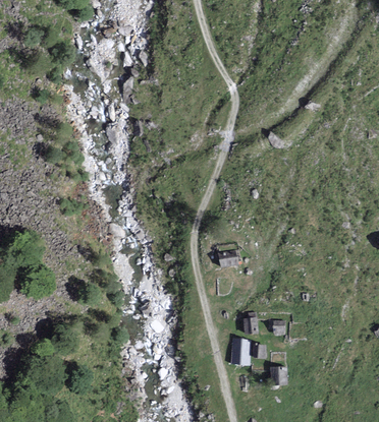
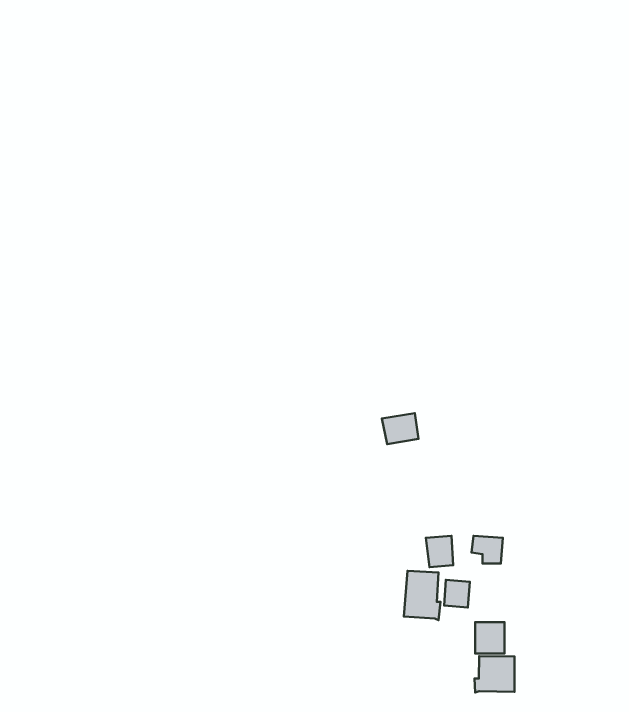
building: none -> [475,656,515,692]

